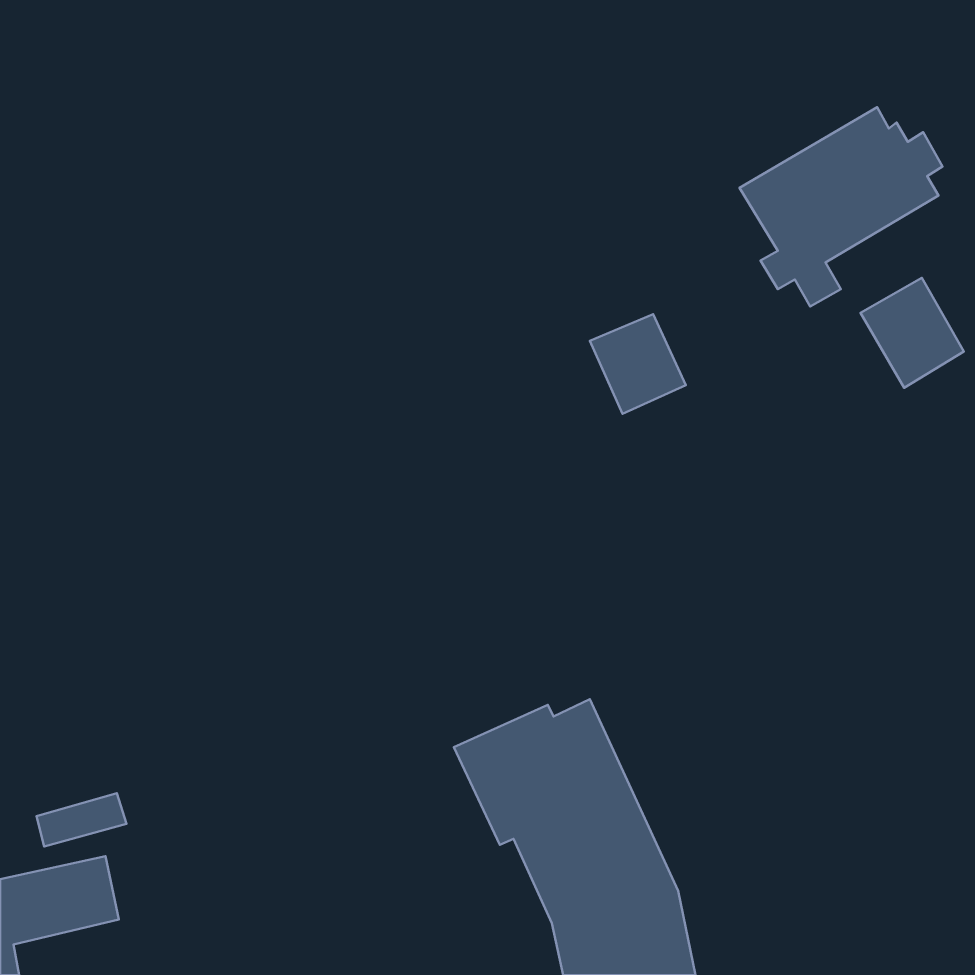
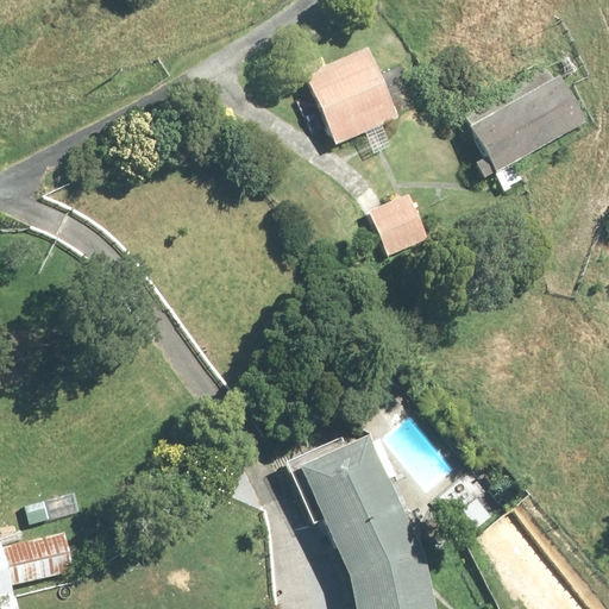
building: none -> [300,48,400,145]
building: [861,278,964,388] -> none

